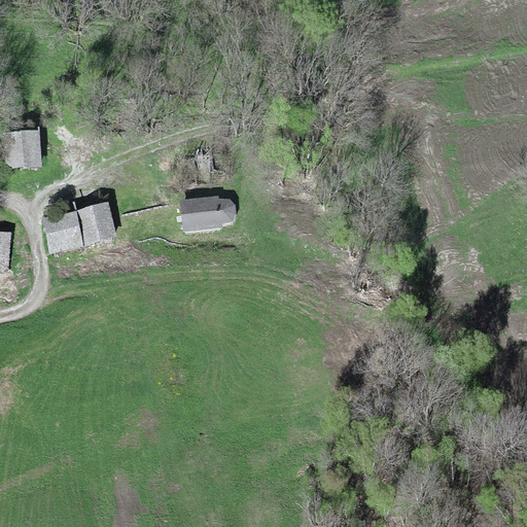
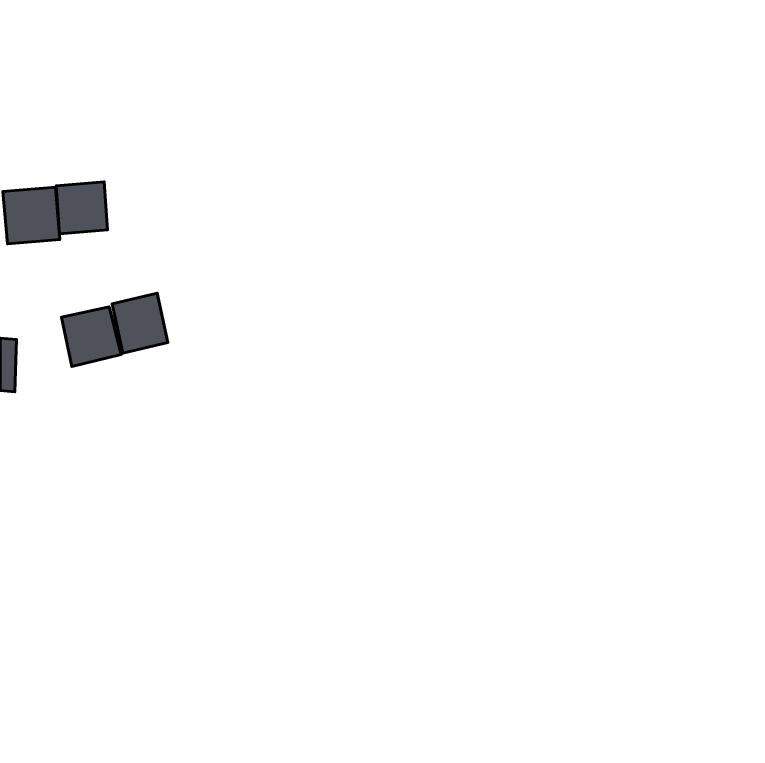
building: none -> [56,182,107,234]
building: [178,195,236,231] -> none

